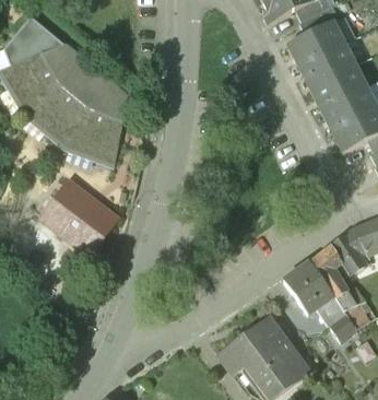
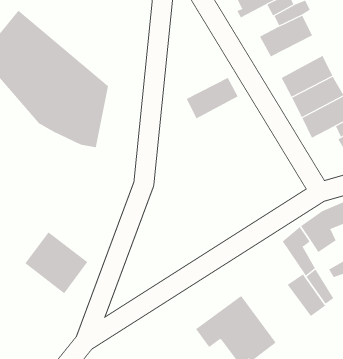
building: [299,44,355,89] -> [186,77,238,119]
building: [47,186,115,252] -> [24,231,88,294]
building: [284,262,334,315] -> none

